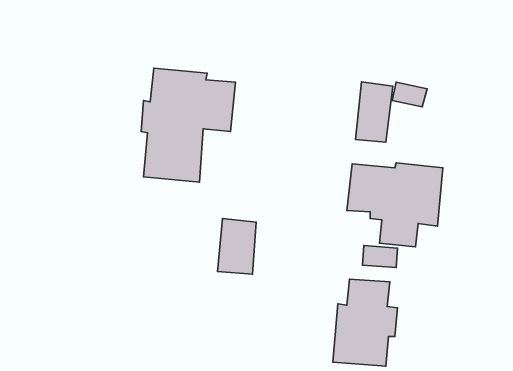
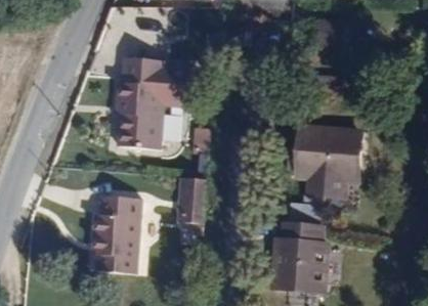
building: [355,82,393,142] -> none
building: none -> [95,199,146,275]

